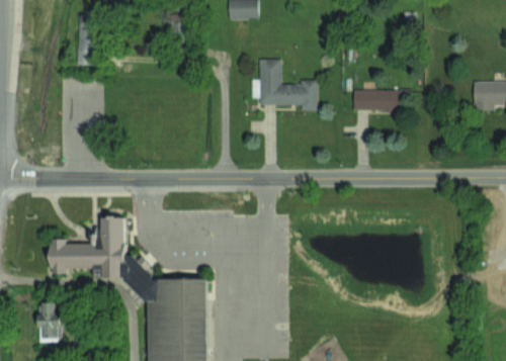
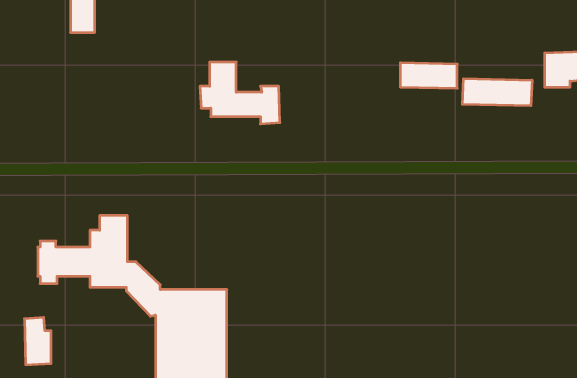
building: [250,60,317,111] -> [200,62,280,124]
building: none -> [462,79,532,106]

